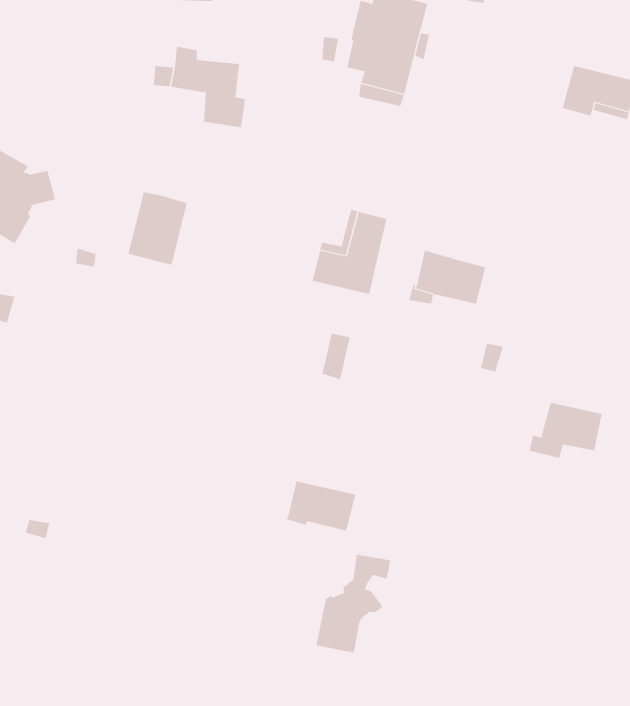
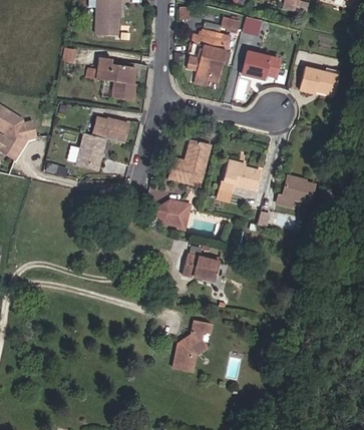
building: none -> [242,51,281,80]
building: none -> [92,117,127,142]
building: none -> [154,202,179,227]
building: [529,402,602,458] -> [276,177,314,206]
building: [286,481,356,531] -> [181,256,218,282]

